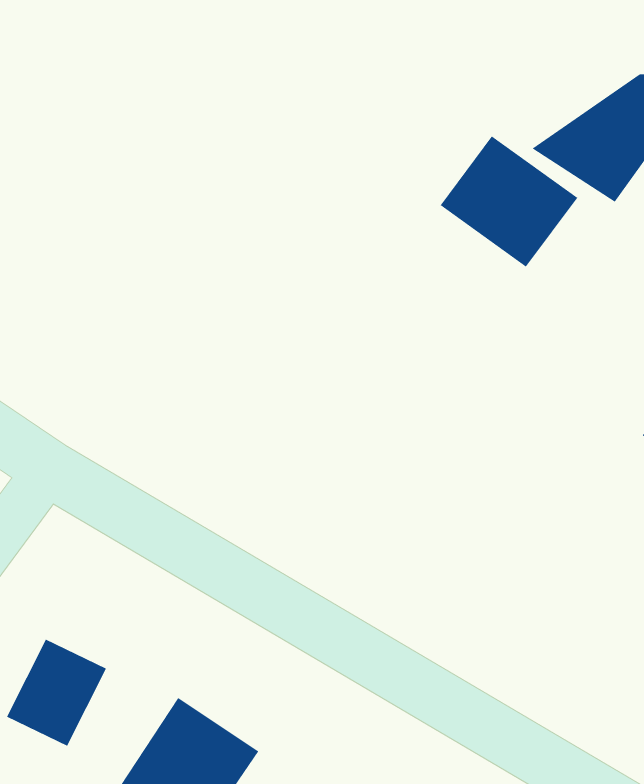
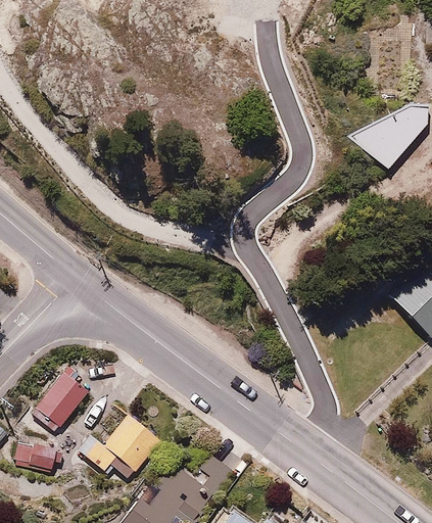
building: [440,135,578,267] -> none

